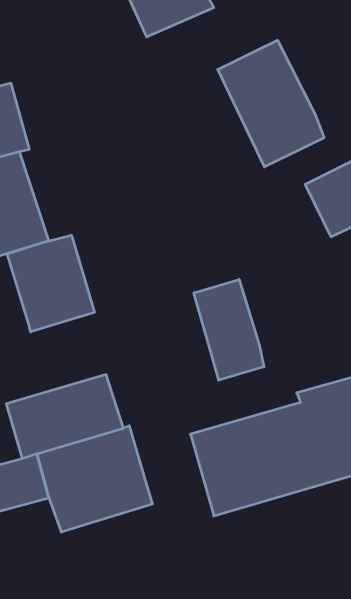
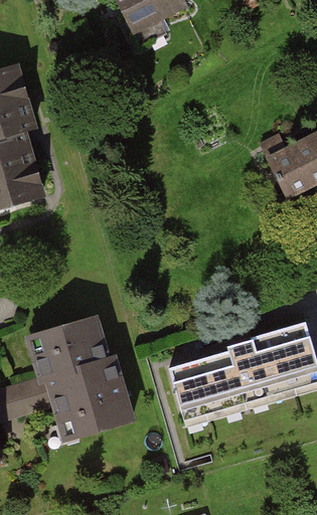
building: [218,40,324,167] -> none
building: [7,235,94,332] -> none
building: [194,279,264,380] -> none

